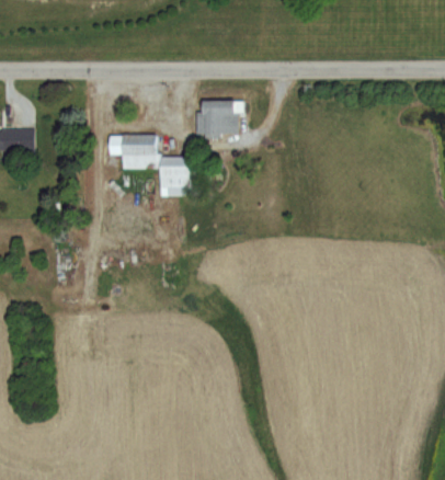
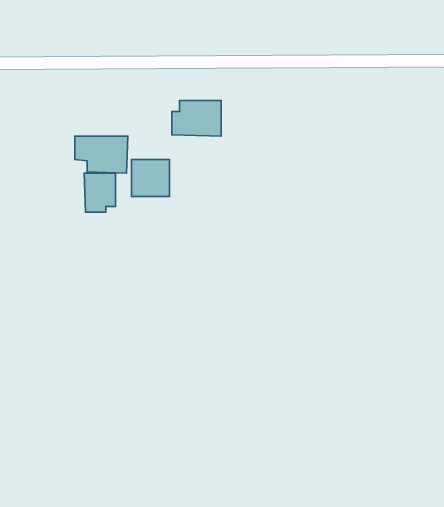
building: none -> [84,173,115,212]

